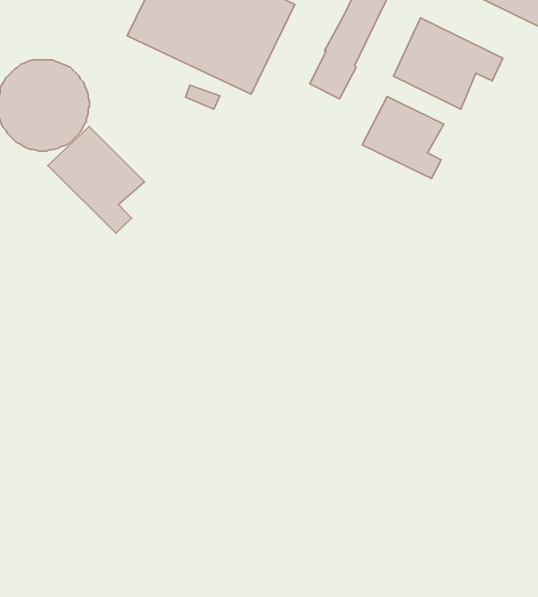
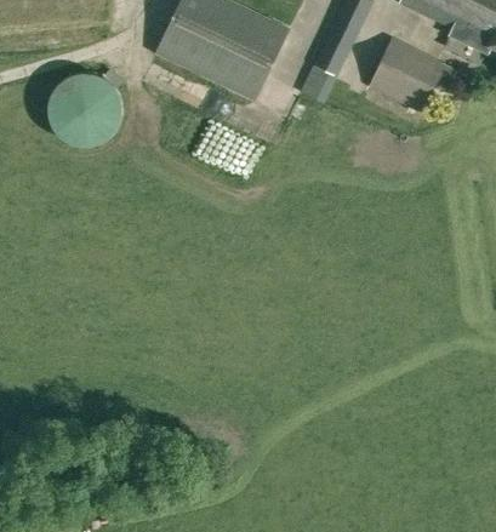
building: [362,96,444,179] -> none
building: [48,126,144,233] -> none

